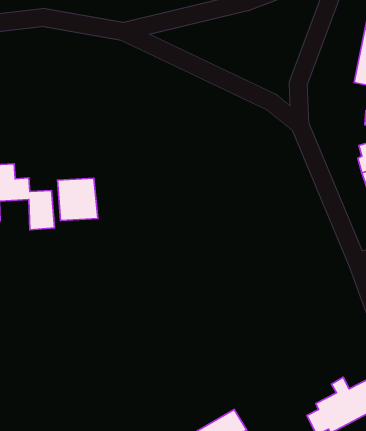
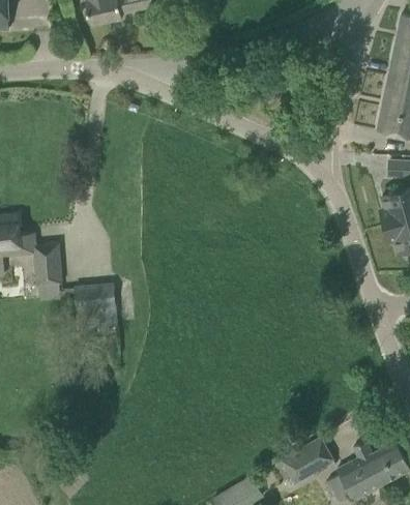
building: [57,178,98,220] -> [75,284,117,328]
building: none -> [281,437,335,484]

